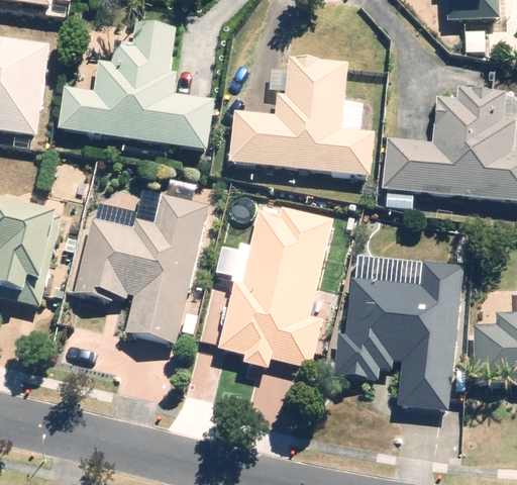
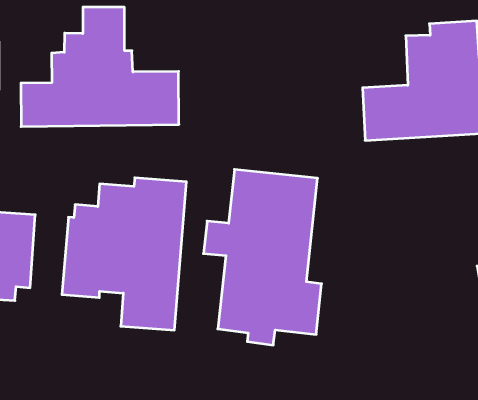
building: [229,56,375,177] -> none
building: [332,259,462,412] -> none

